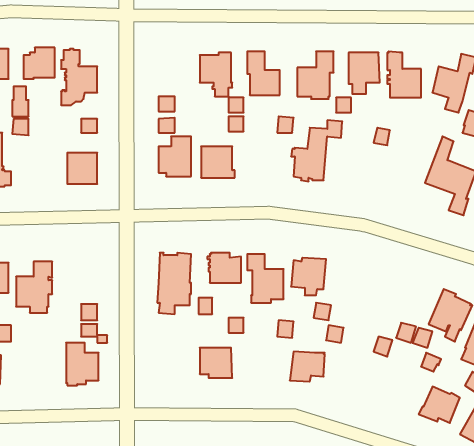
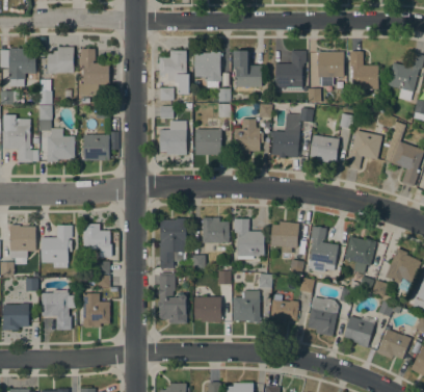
building: none -> [160,50,189,94]
building: none -> [234,119,263,154]
building: none -> [47,128,75,161]
building: none -> [347,130,380,169]
building: none -> [310,134,339,162]
building: none -> [83,224,112,256]
building: none -> [308,226,338,272]
building: none -> [345,236,376,273]
building: none -> [157,271,187,323]
building: none -> [42,289,76,330]
building: none -> [233,290,260,322]
building: none -> [307,296,339,336]
building: none -> [343,315,375,347]

